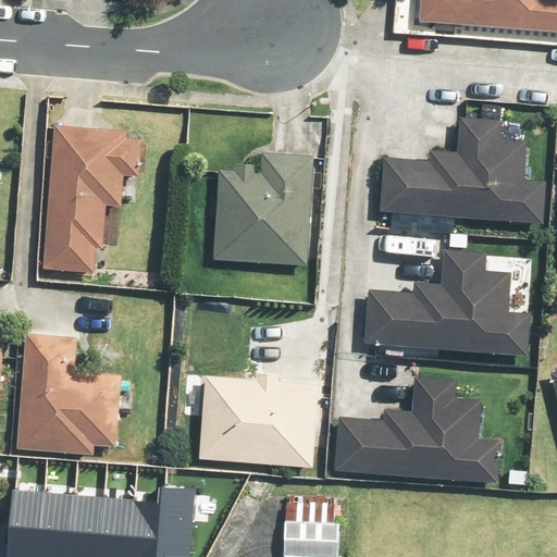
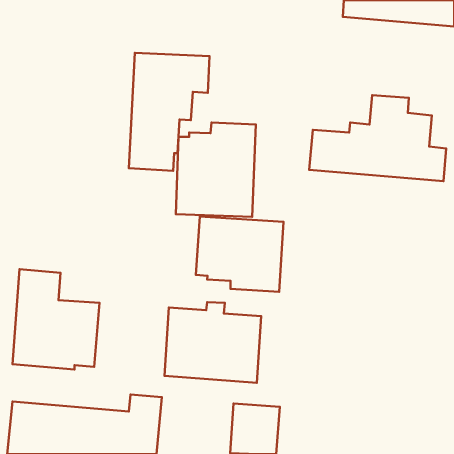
building: [42,125,141,270] -> [129,53,210,171]
building: [367,249,528,352] -> none
building: none -> [196,216,284,292]
building: [333,373,503,482] -> none

